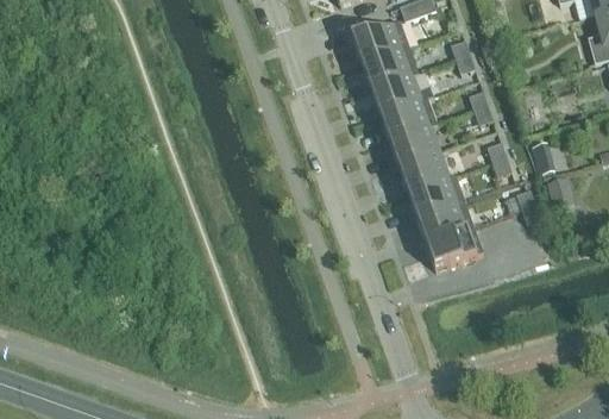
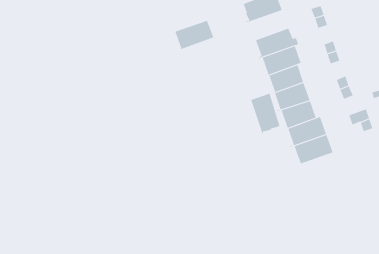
building: [362,46,419,90] -> [175,20,214,51]
building: none -> [250,93,280,136]

